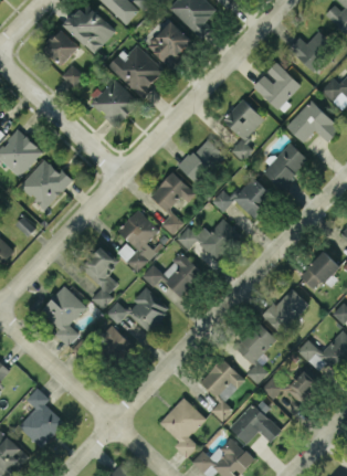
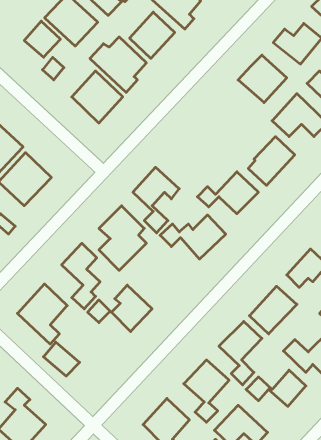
building: [222,99,264,161] -> none
building: [179,138,225,186] -> none
building: [141,253,202,297] -> none
building: [99,327,135,360] -> [43,342,80,376]

